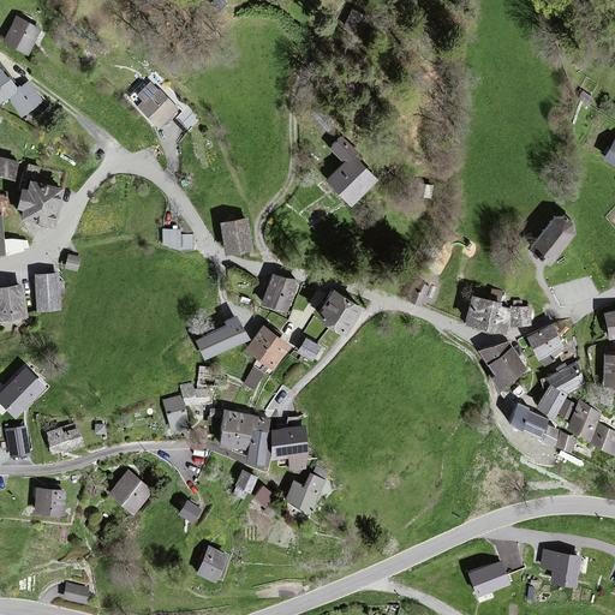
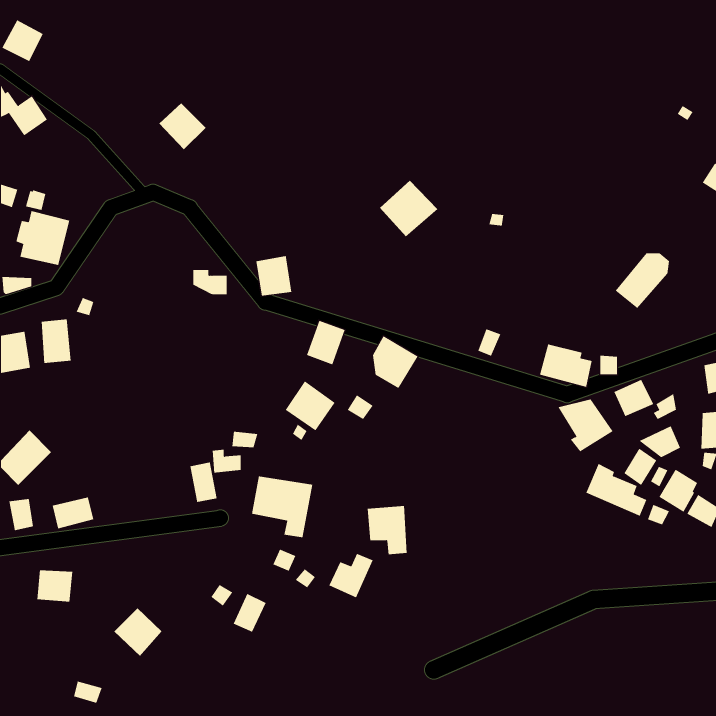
building: [202,322,246,356] -> none
building: [273,425,308,467] -> [367,506,408,555]
building: [108,471,150,513] -> [114,608,163,657]
building: [193,545,222,579] -> [233,593,266,632]
building: [554,550,579,580] -> none
building: [470,554,510,586] -> none

